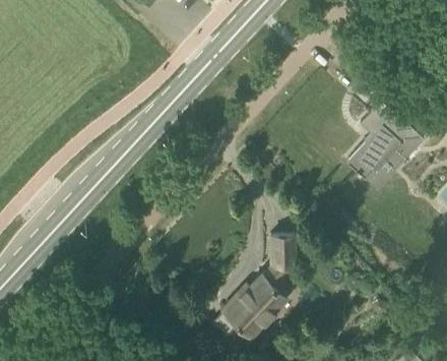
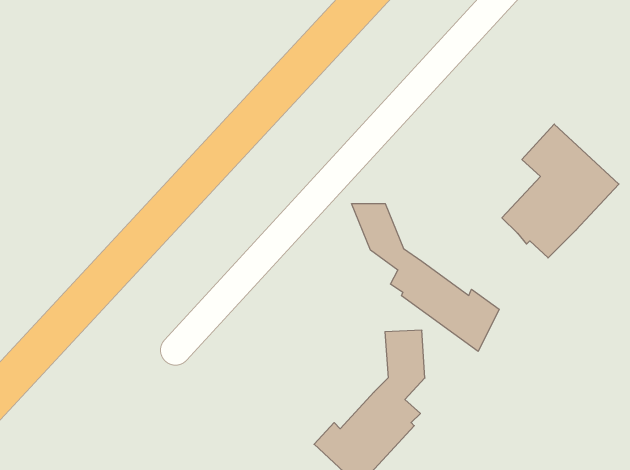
building: none -> [352,204,499,351]

